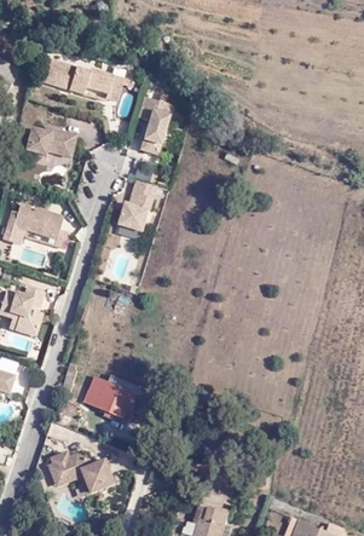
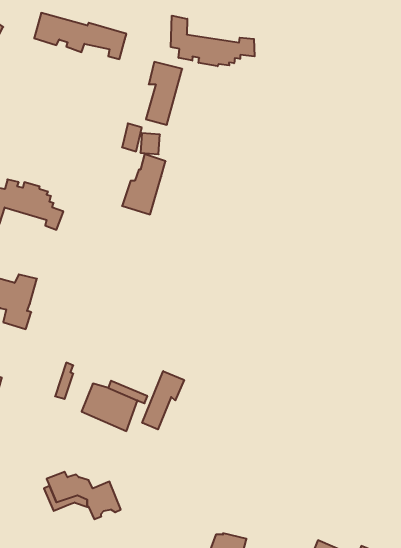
building: none -> [171,16,255,66]
building: [25,126,75,156] -> none
building: none -> [142,371,184,429]

